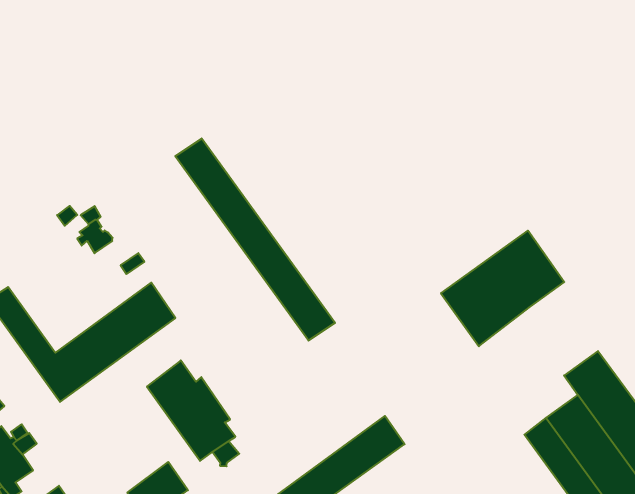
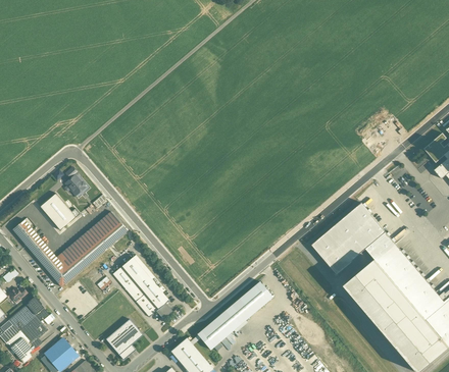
building: [175,138,335,341] -> none
building: [441,231,564,346] -> [310,203,385,275]
building: none -> [39,194,79,230]

